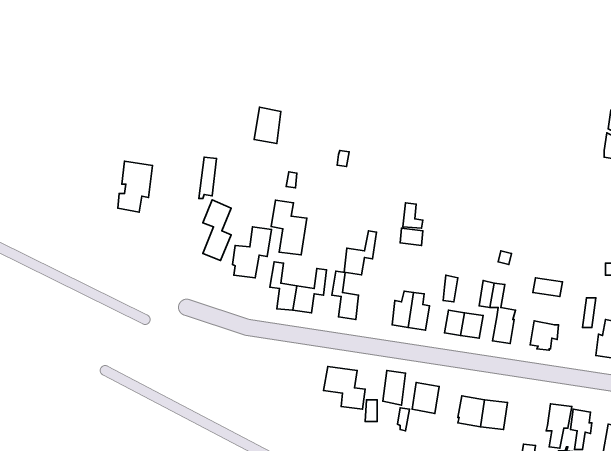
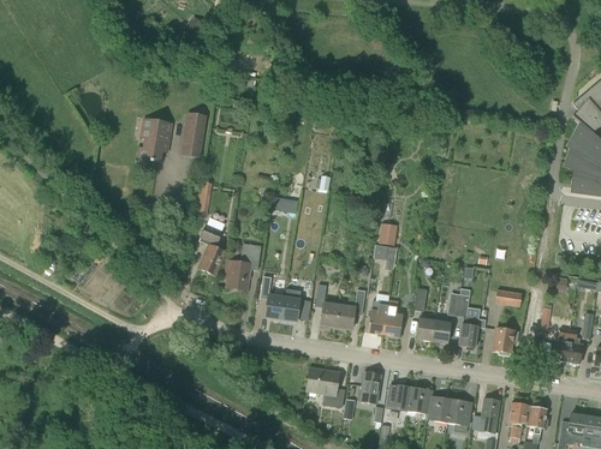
building: [254,107,281,144] -> [183,112,207,144]
building: [118,161,153,212] -> [139,118,171,163]
building: [271,200,307,255] -> none
building: [344,231,376,275] -> [337,289,365,329]
building: none -> [407,387,433,414]
building: none -> [480,397,501,432]

